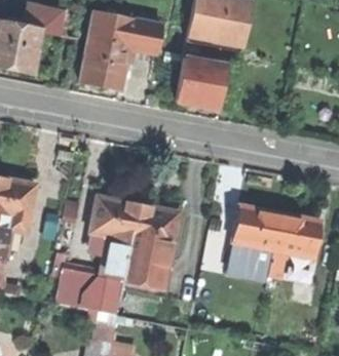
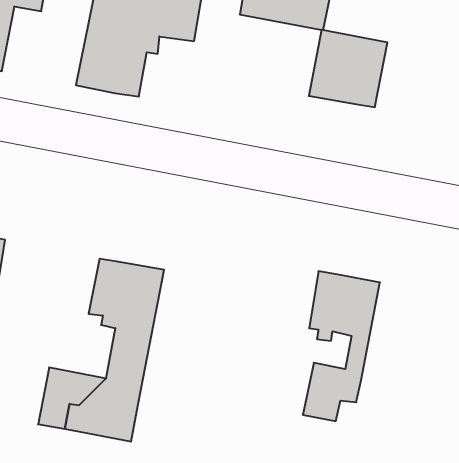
building: [176,57,227,108] -> [309,30,387,107]
building: [122,202,179,295] -> none
building: [267,210,321,276] -> none

